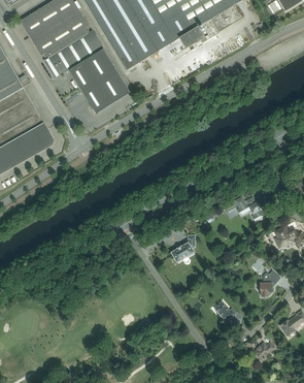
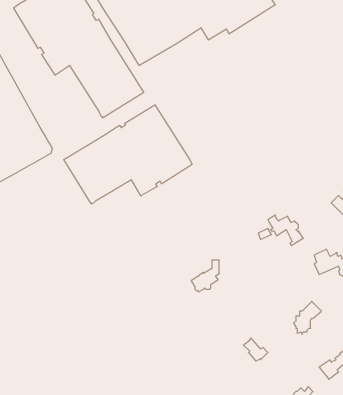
building: none -> [64,105,192,204]

